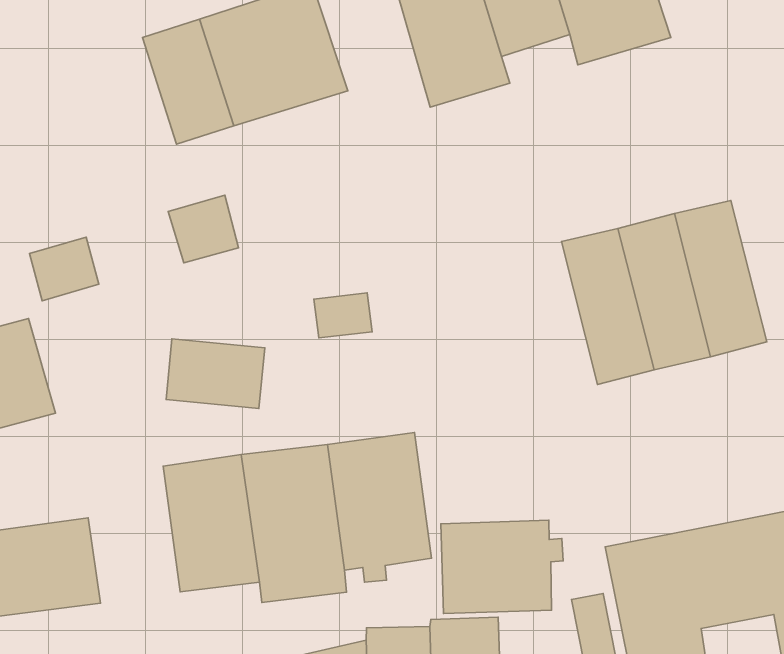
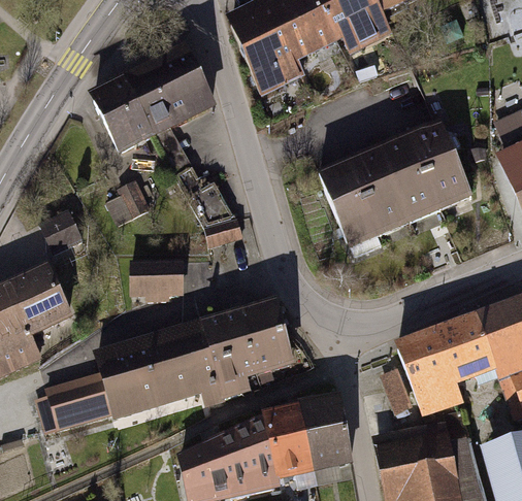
building: none -> [316,171,380,262]
building: none -> [95,334,160,417]
building: [441,520,563,614] -> none

